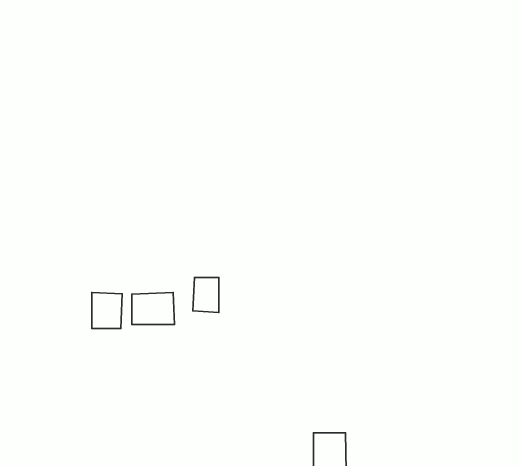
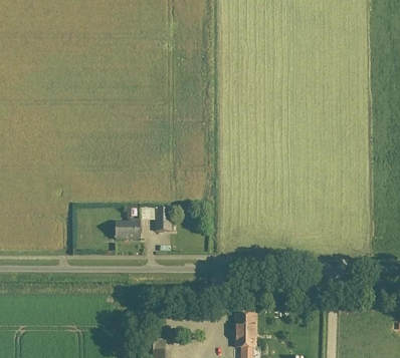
building: [92,293,122,329] -> none

